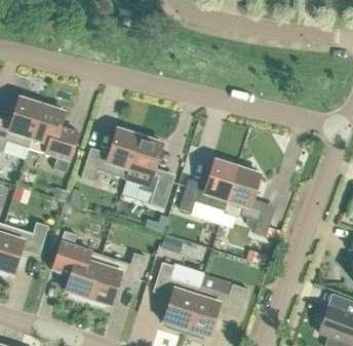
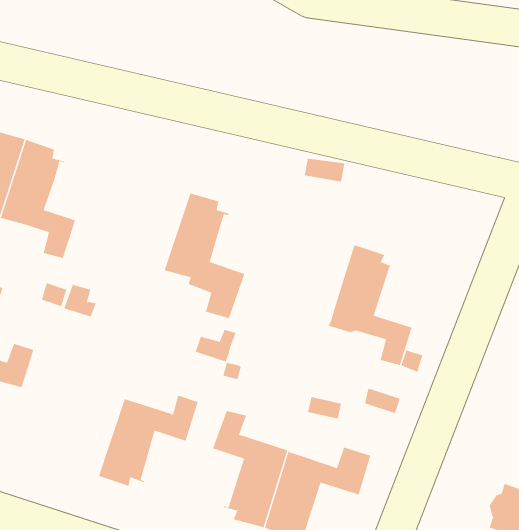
building: [81,126,141,181] -> none
building: [179,157,238,213] -> none
building: [56,230,102,301] -> none

